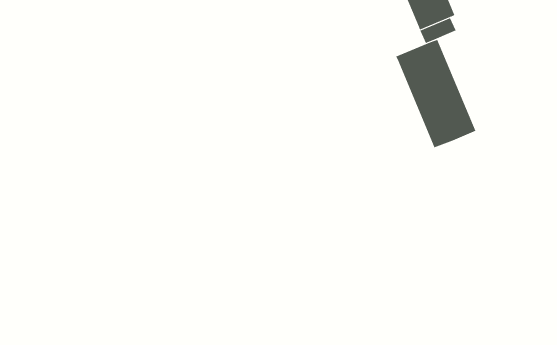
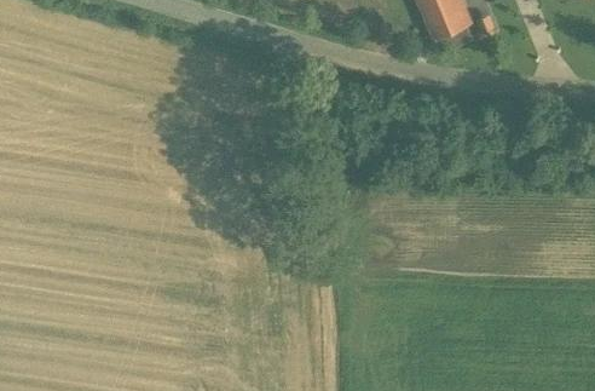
building: [395,39,476,148] -> none

